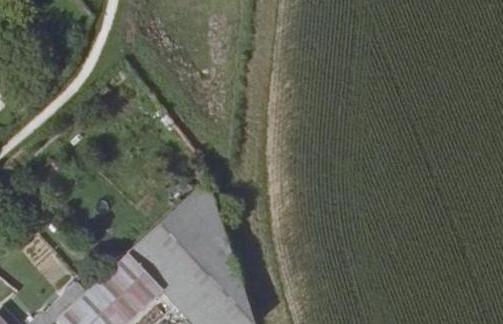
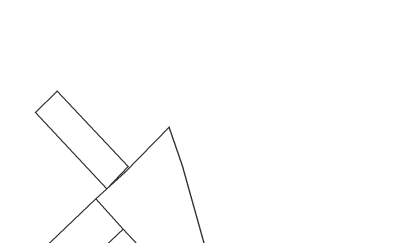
building: none -> [35,91,128,189]

